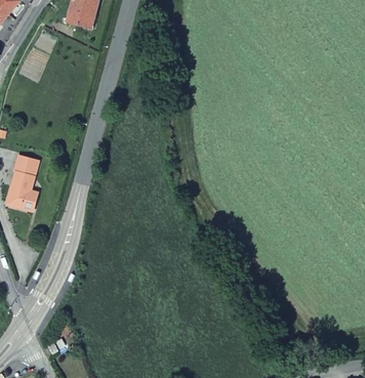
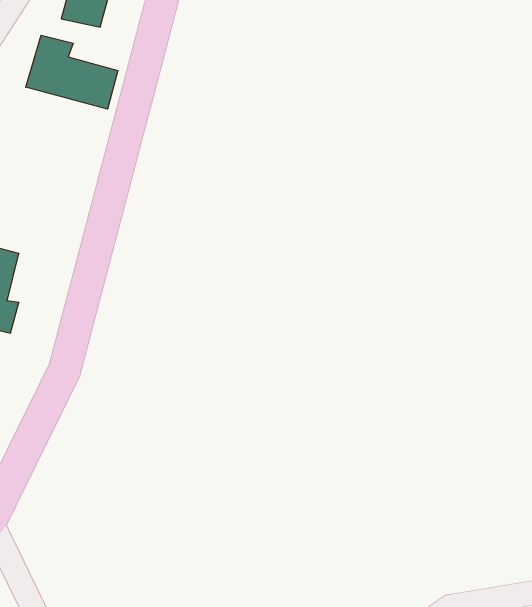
building: none -> [26,35,118,109]

